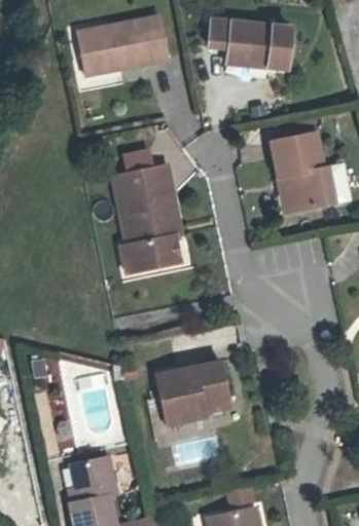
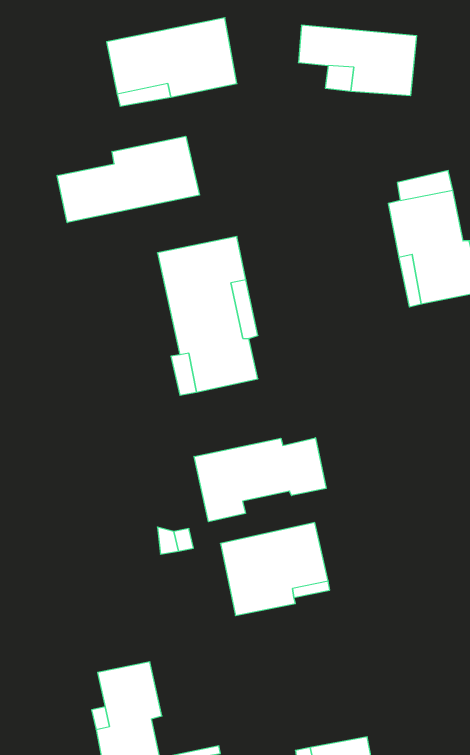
building: none -> [57,136,199,223]
building: none -> [194,438,326,522]

